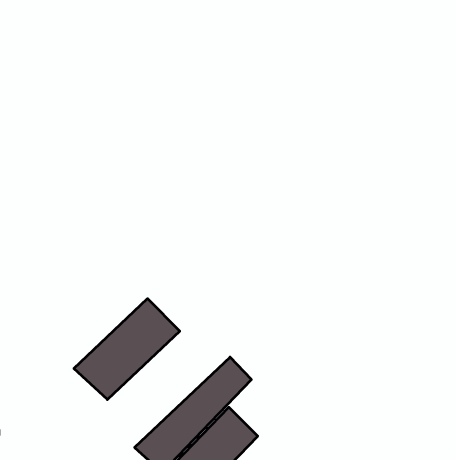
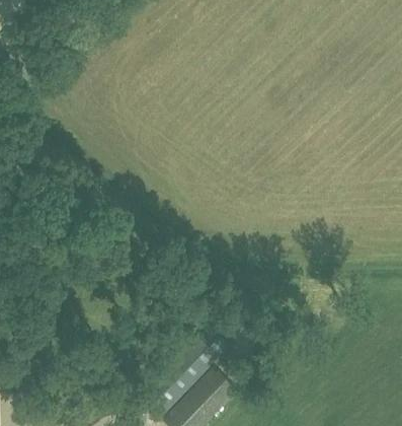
building: [74,299,180,400] -> none

